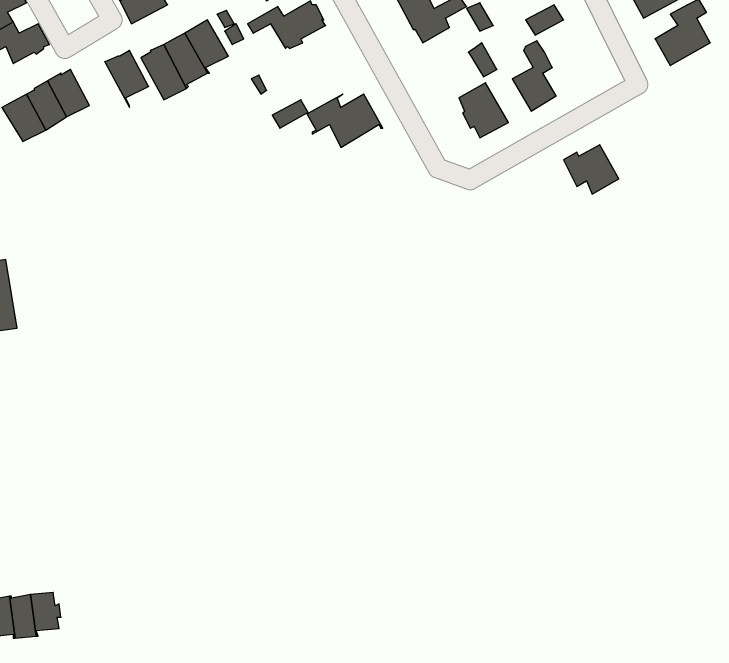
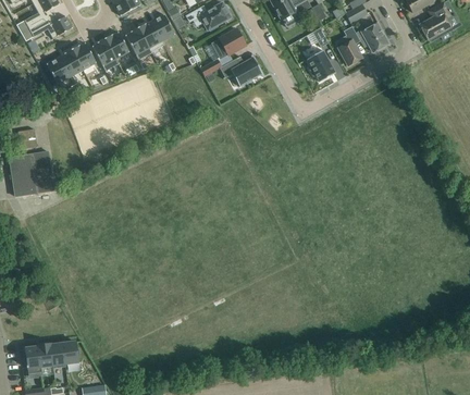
building: none -> [211,28,246,59]
building: none -> [91,37,119,70]
building: [564,145,619,194] -> [356,23,387,51]

